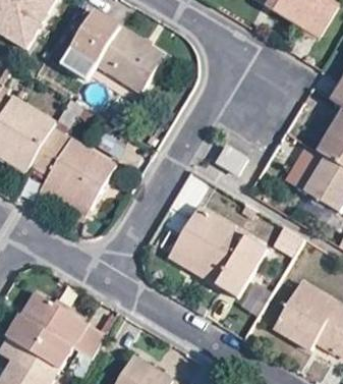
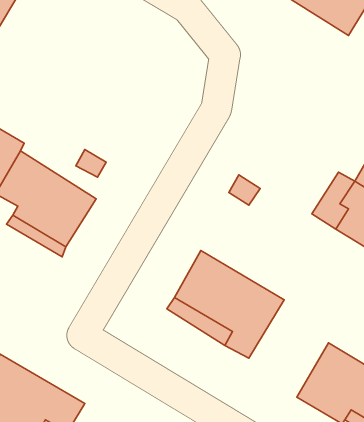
building: [62,14,162,91] -> none

